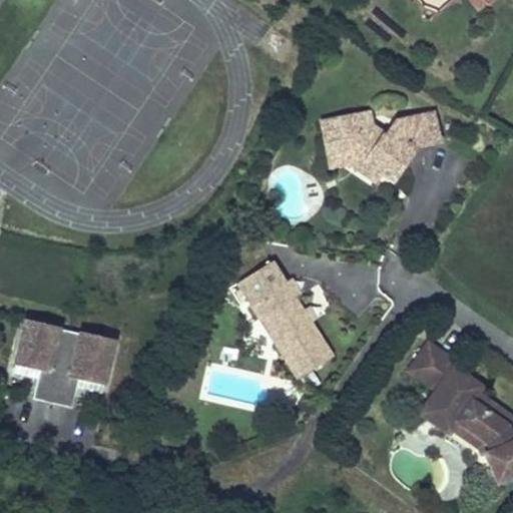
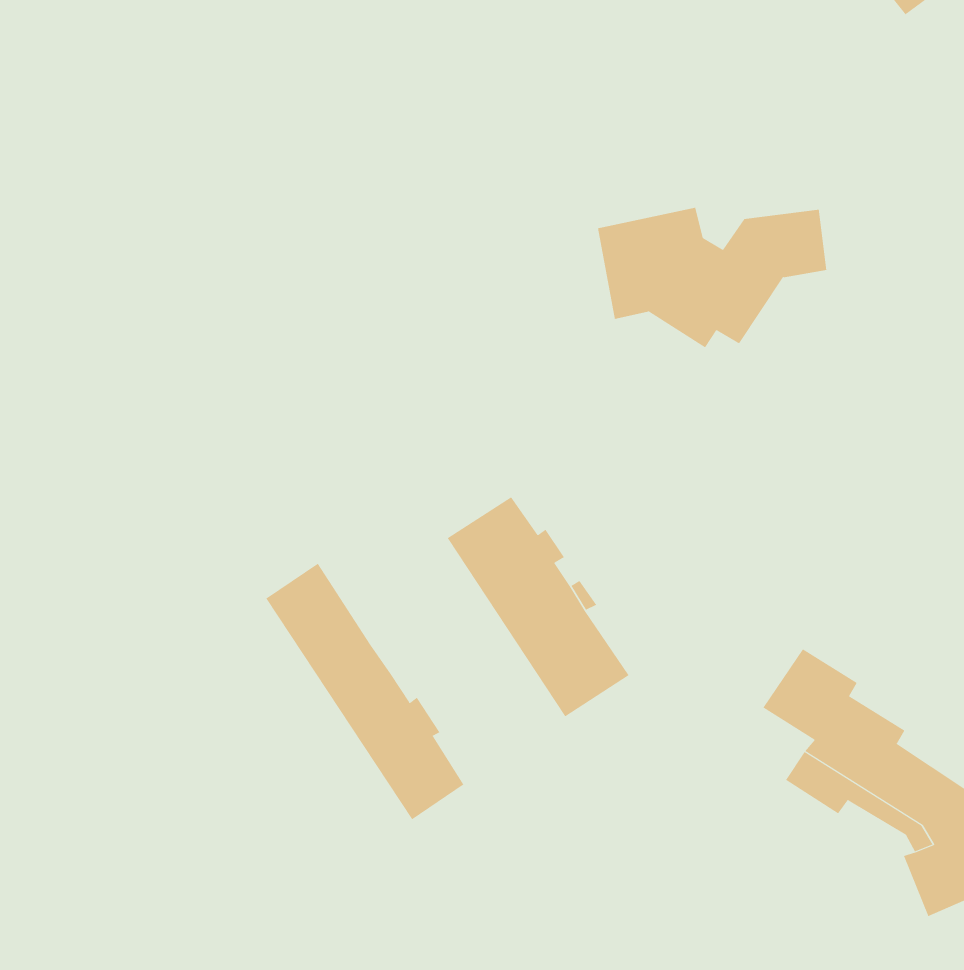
building: none -> [266,563,464,820]
building: [13,323,111,409] -> none

